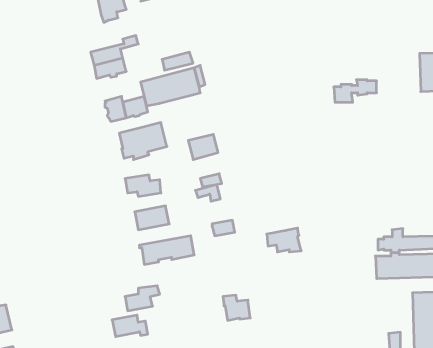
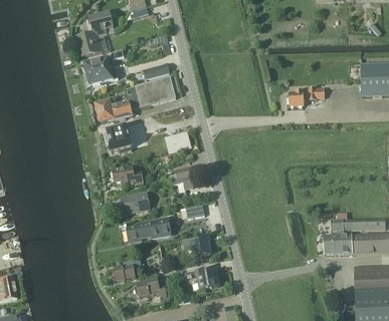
building: none -> [80,32,103,56]
building: [267,228,301,252] -> [183,235,212,255]
building: [112,315,148,337] -> [137,279,167,297]

